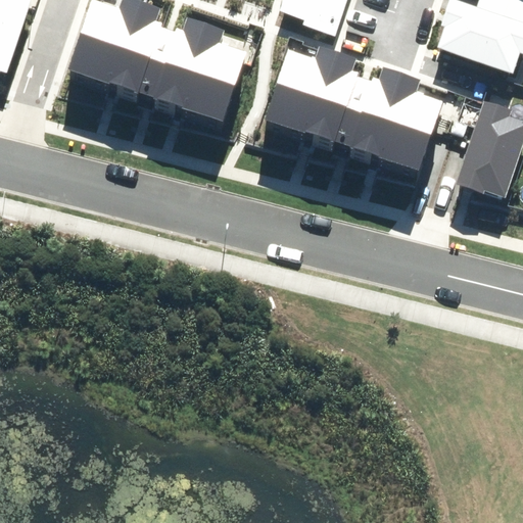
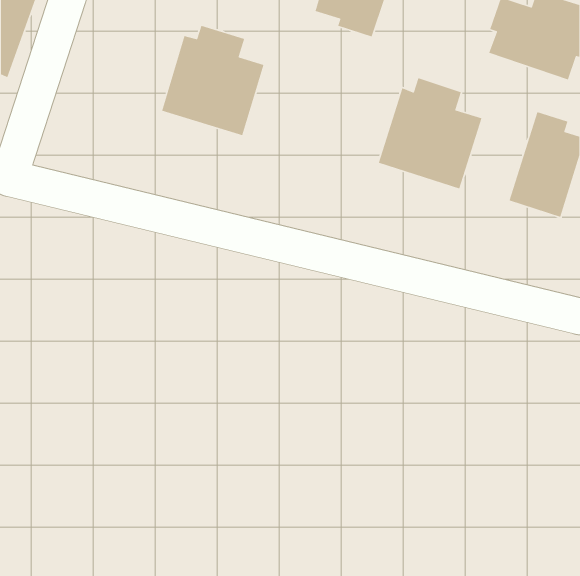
building: [75,4,165,100] -> none
building: [270,51,362,147] -> none

